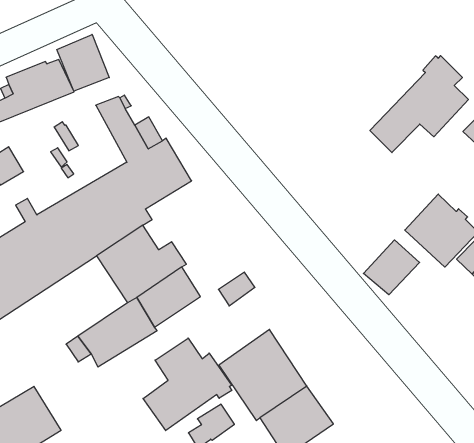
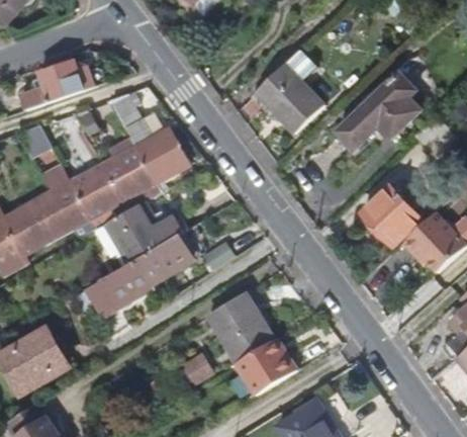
building: [57,34,109,91] -> none
building: none -> [256,56,324,136]
building: [363,240,420,295] -> none
building: [143,338,232,431] -> none

